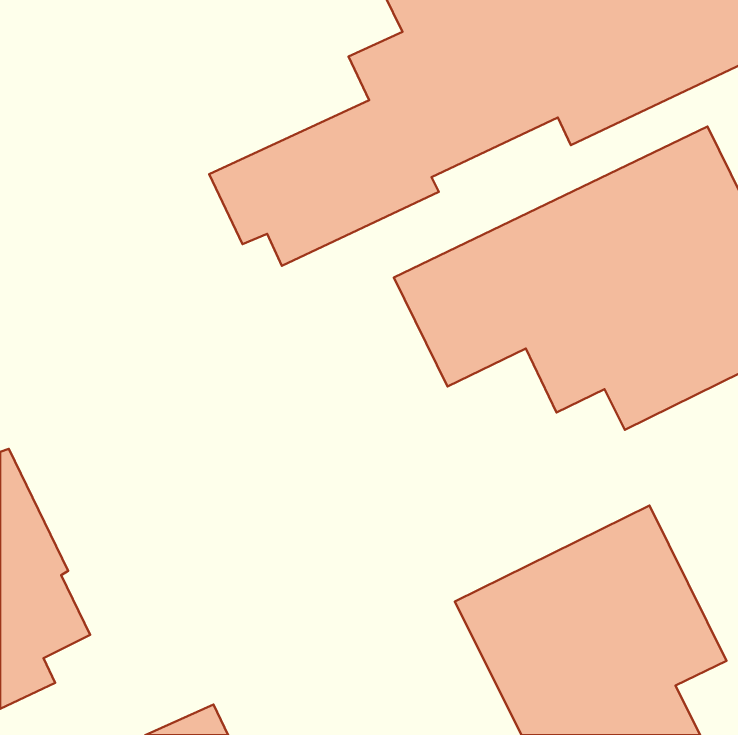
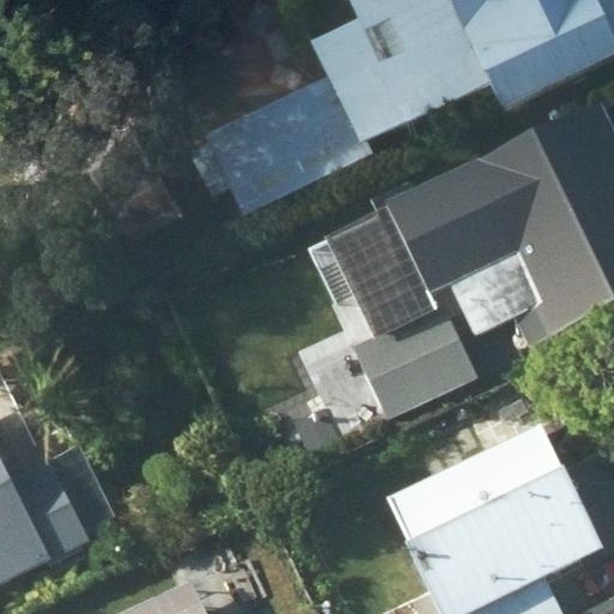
building: none -> [344,309,469,426]

